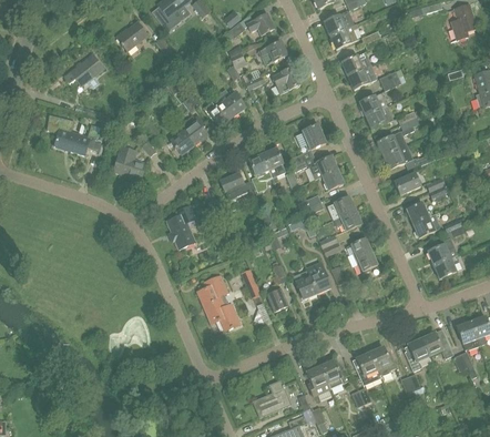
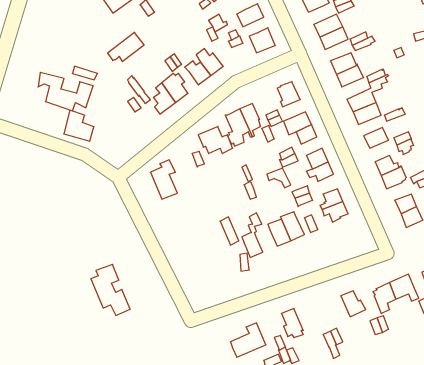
building: [64,54,103,85] -> [108,32,144,62]
building: [113,145,145,179] -> [64,110,94,141]
building: [197,275,239,329] -> [91,264,130,315]
building: [351,352,380,384] -> none
building: [319,357,346,388] -> none

